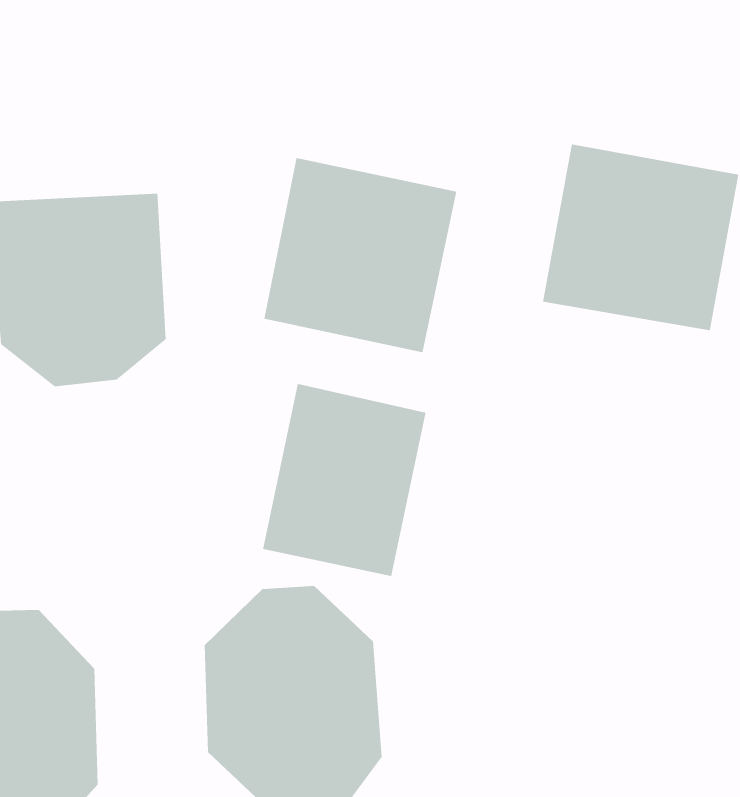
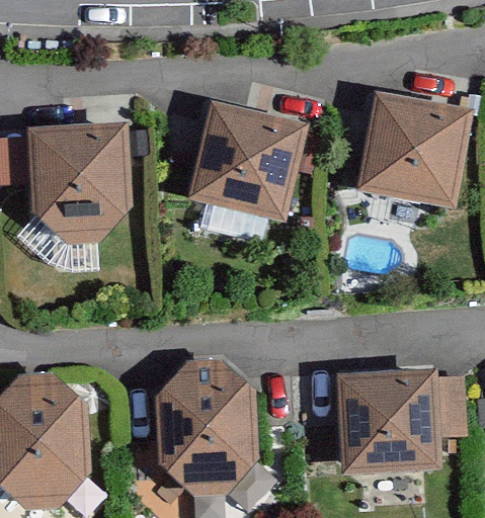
building: [263,383,426,577] -> none
building: none -> [339,373,463,473]

